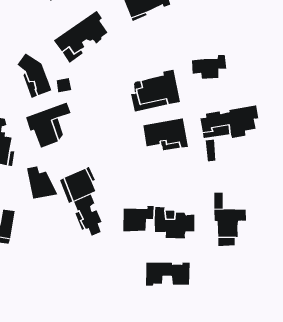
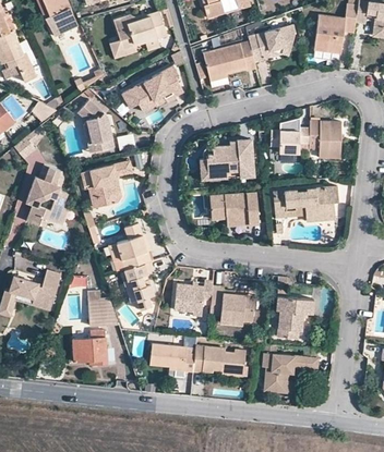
building: none -> [309,121,341,159]
building: [26,166,58,199] -> [87,291,119,327]
building: none -> [73,331,107,365]
building: none -> [262,354,317,393]
building: none -> [151,344,195,372]

